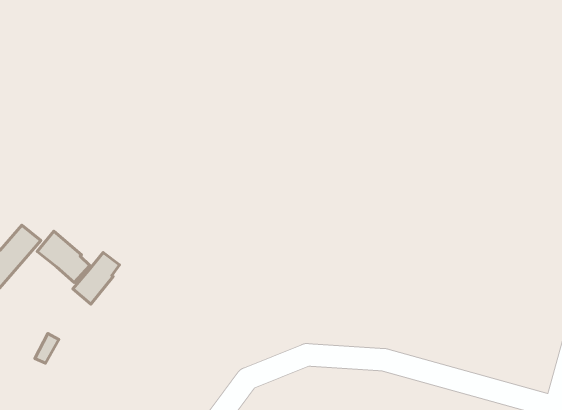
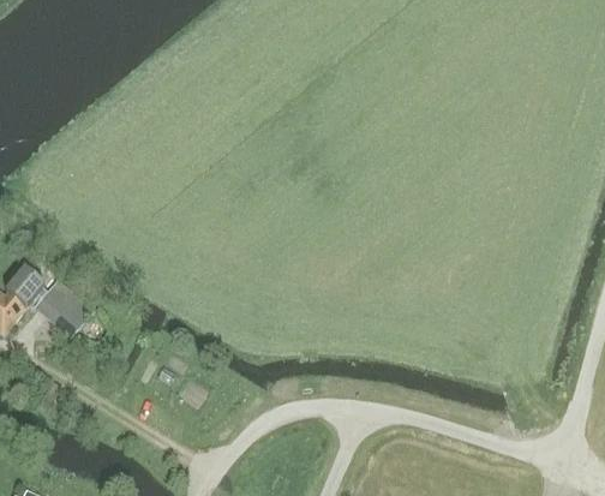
building: [73,253,120,304] -> none

